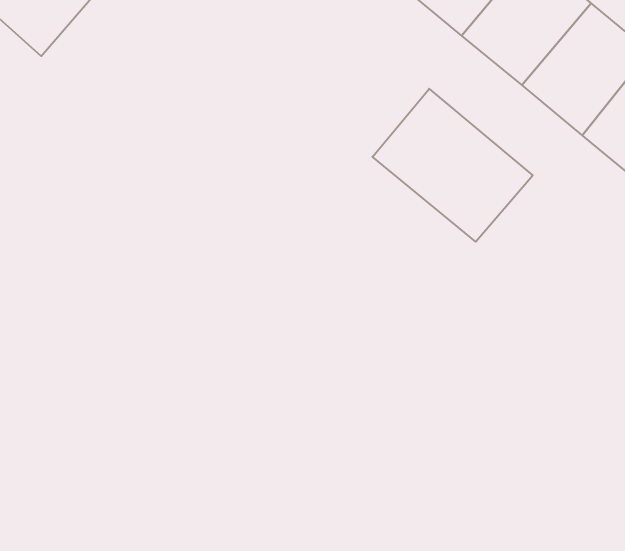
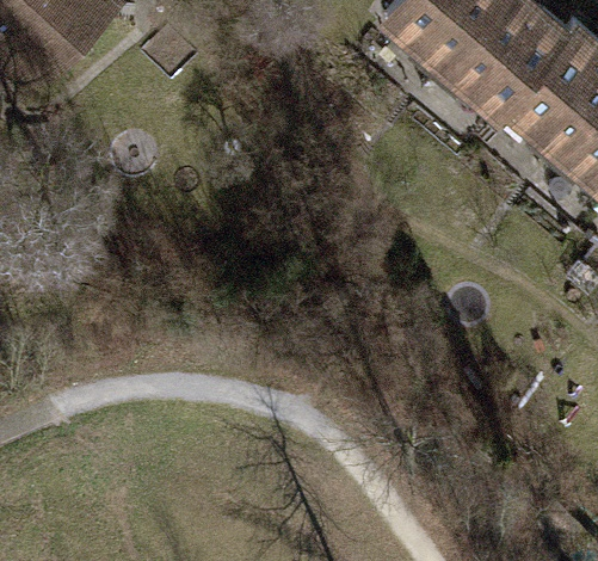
building: [372,89,533,242] -> none

